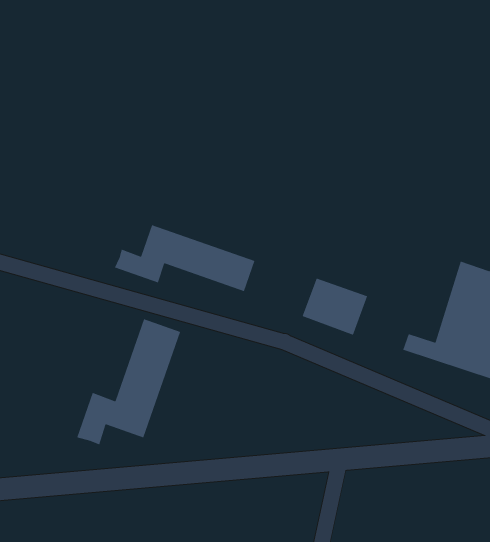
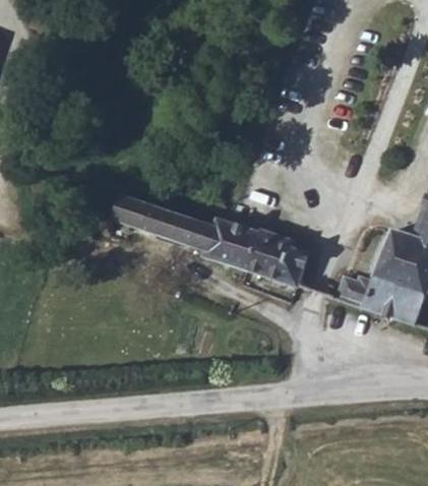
building: none -> [205,218,268,271]
building: [76,318,181,446] -> none

